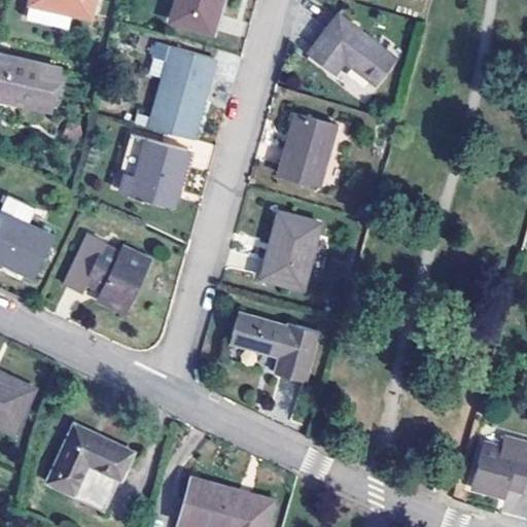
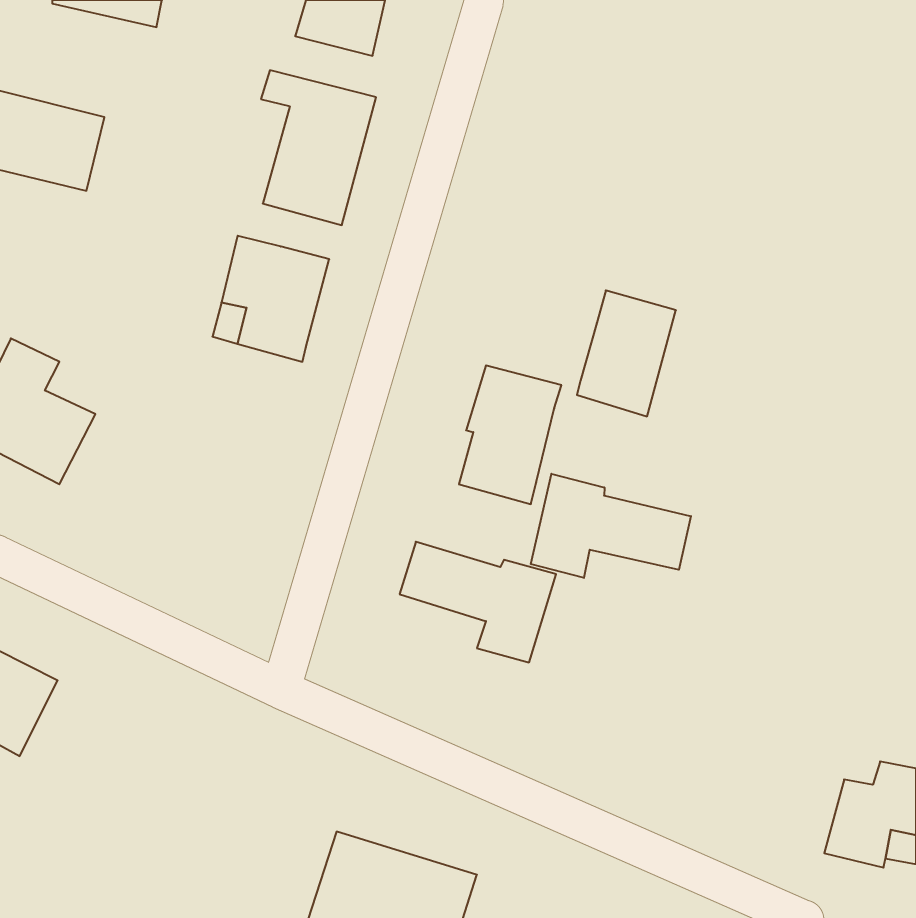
building: [307,13,395,85] -> none
building: [278,113,335,185] -> [577,290,676,416]
building: [65,235,149,312] -> none
building: none -> [531,474,691,578]
building: [45,424,131,508] -> none

